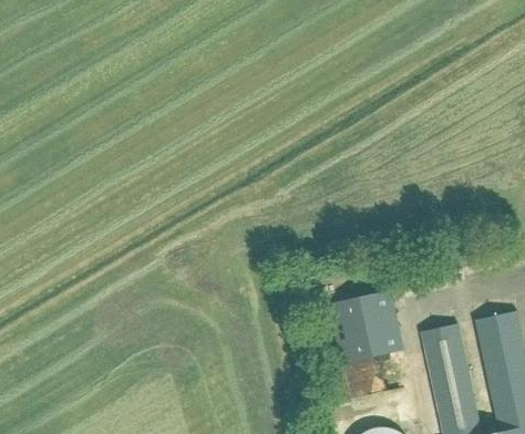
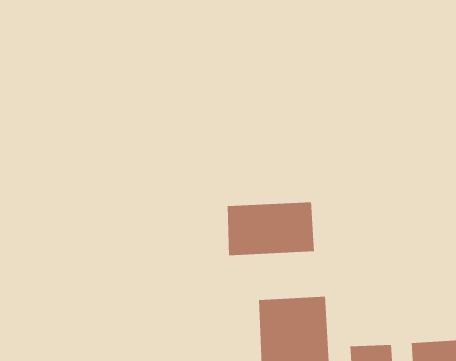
building: none -> [227,202,315,256]

